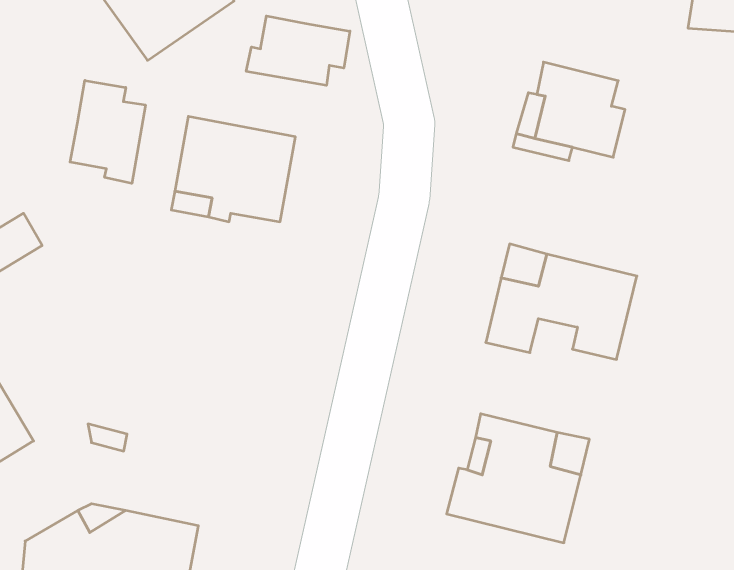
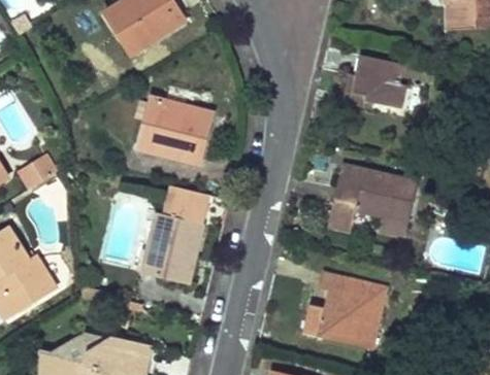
building: [246,16,350,85] -> none
building: [70,80,145,183] -> none
building: none -> [145,178,207,276]

